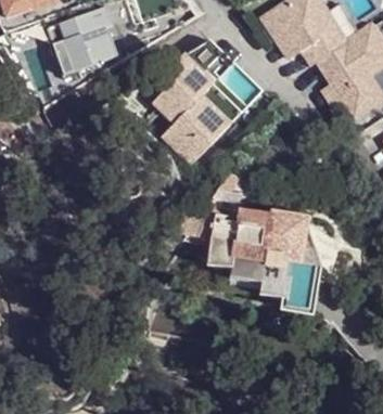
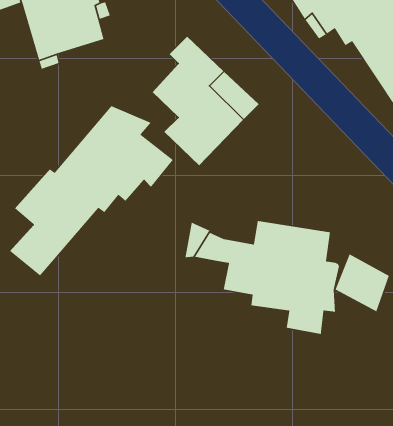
building: none -> [9,105,174,276]

